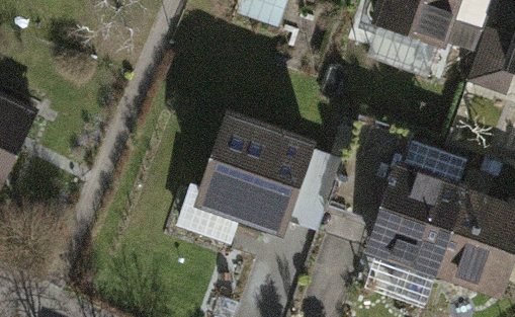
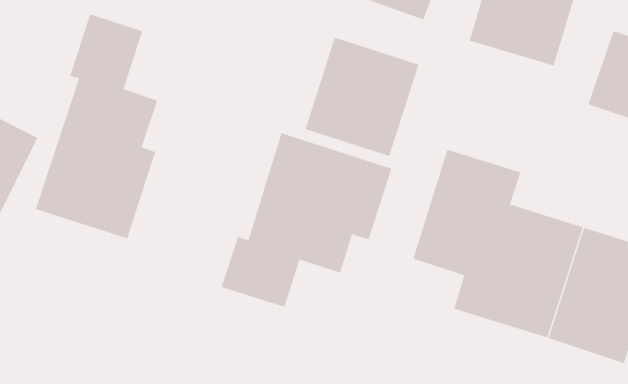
building: none -> [35,14,158,239]
building: none -> [305,37,419,157]

